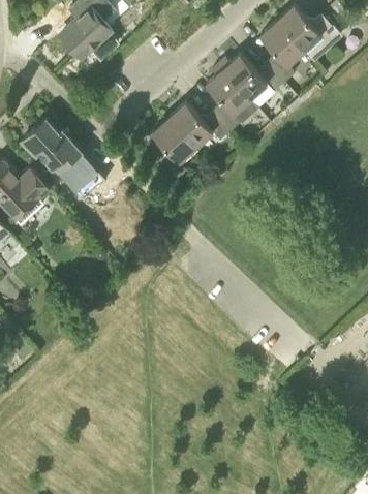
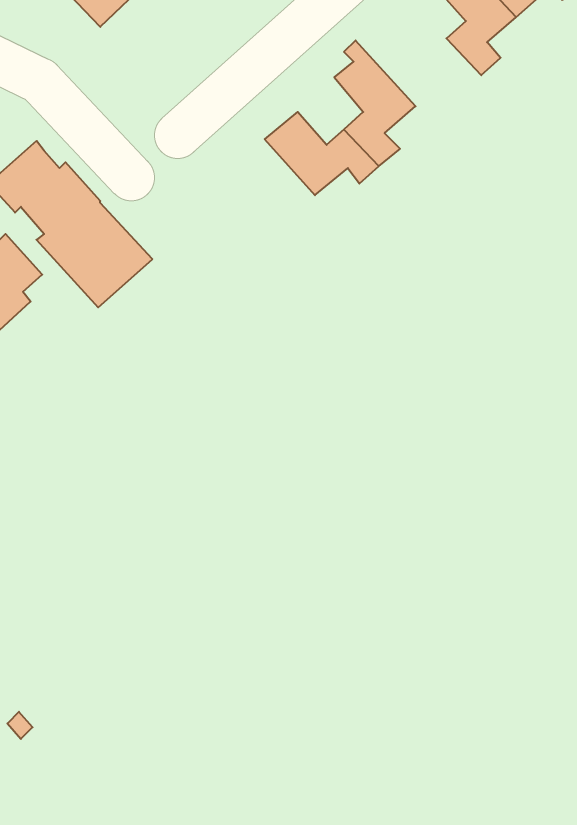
building: [217,54,284,100] -> none
building: [151,118,195,181] -> none

